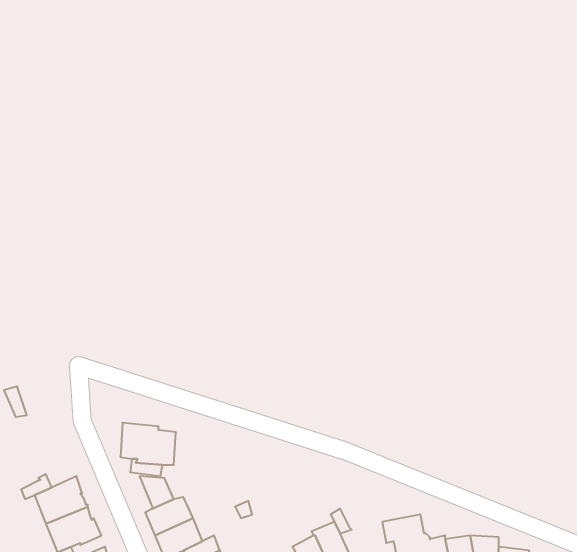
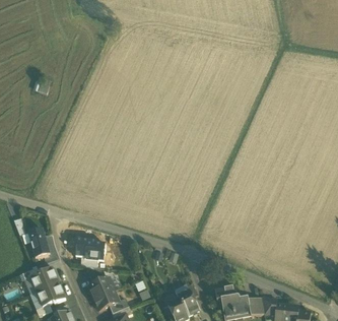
building: none -> [27,228,50,257]

